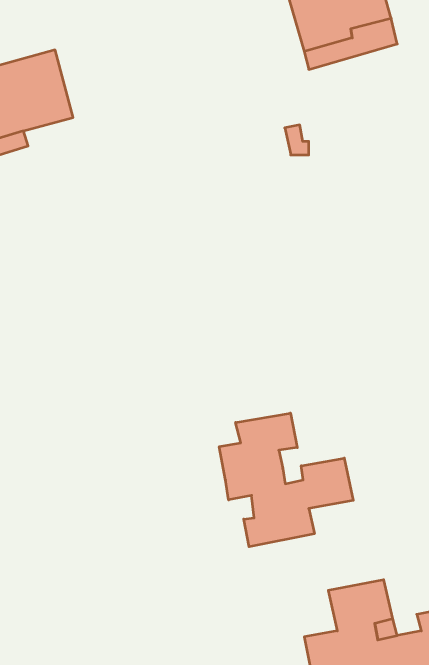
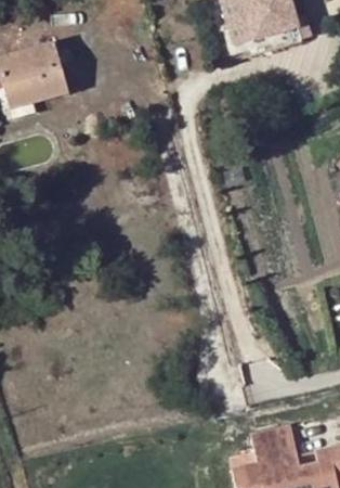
building: [219,413,353,547] -> none

